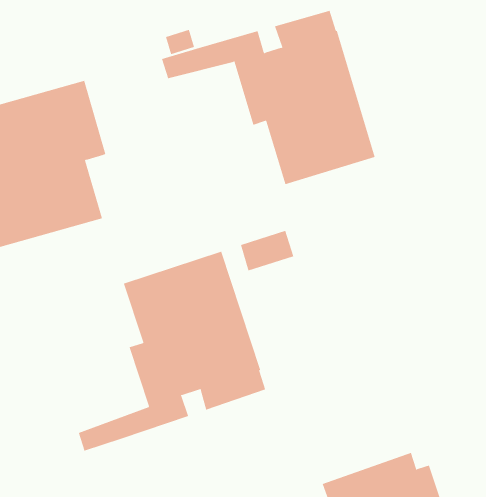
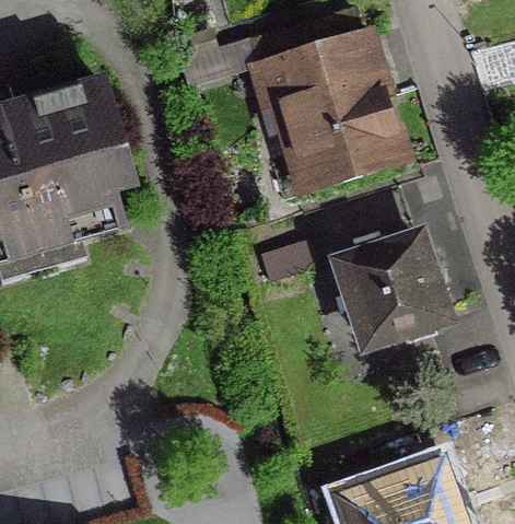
building: none -> [337,236,440,345]
building: [78,251,266,452] -> none

